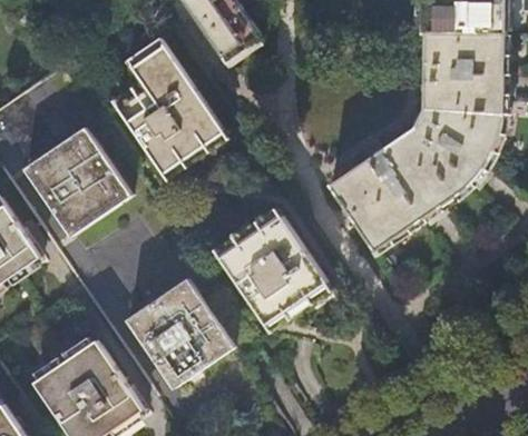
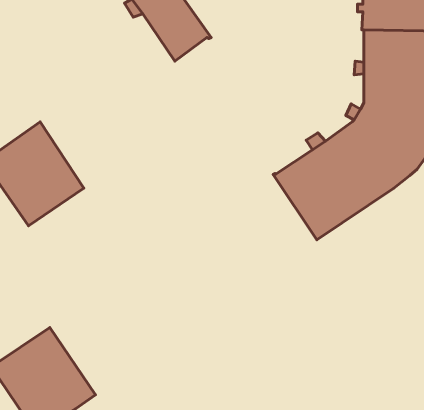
building: [117,39,224,175] -> none
building: [219,216,329,325] -> none
building: [128,279,235,388] -> none

